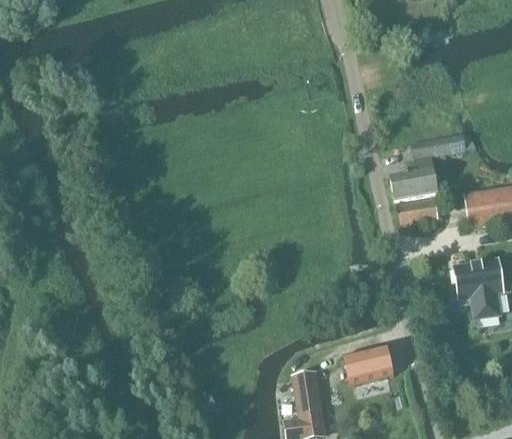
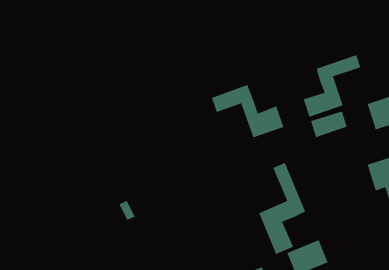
building: none -> [211,84,284,138]
building: none -> [259,162,306,255]

